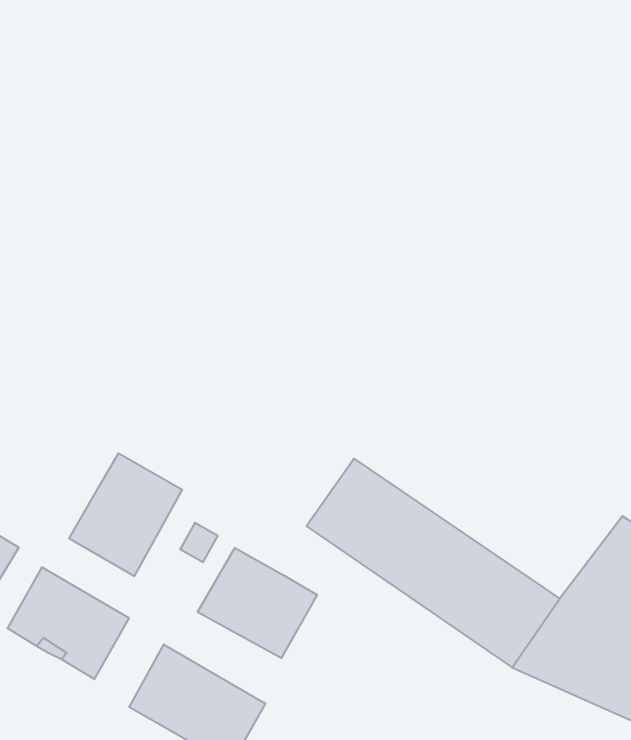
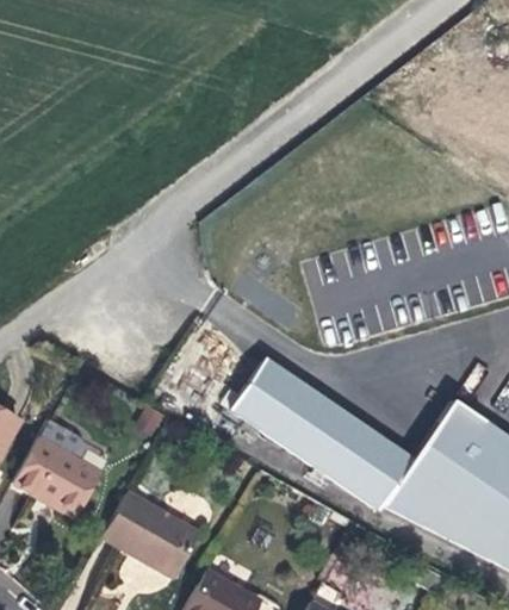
building: [69,453,182,576] -> none
building: [198,548,317,658] -> none

